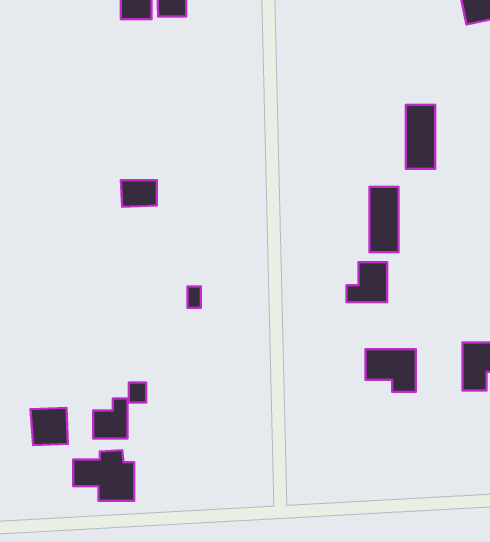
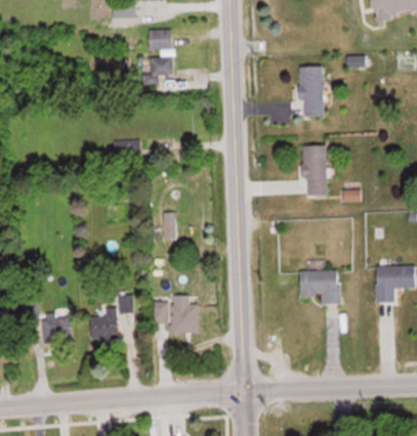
building: none -> [149,29,171,50]
building: none -> [142,56,171,84]
building: [406,105,435,169] -> [301,67,324,116]
building: [346,262,387,302] -> none
building: [73,450,134,501] -> [152,295,199,334]

